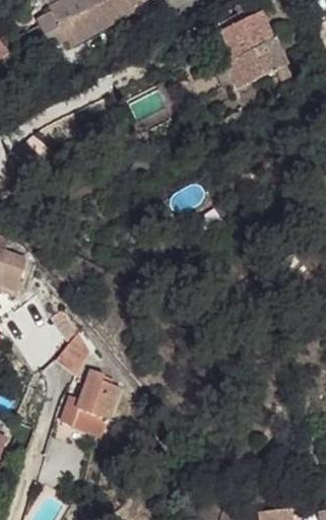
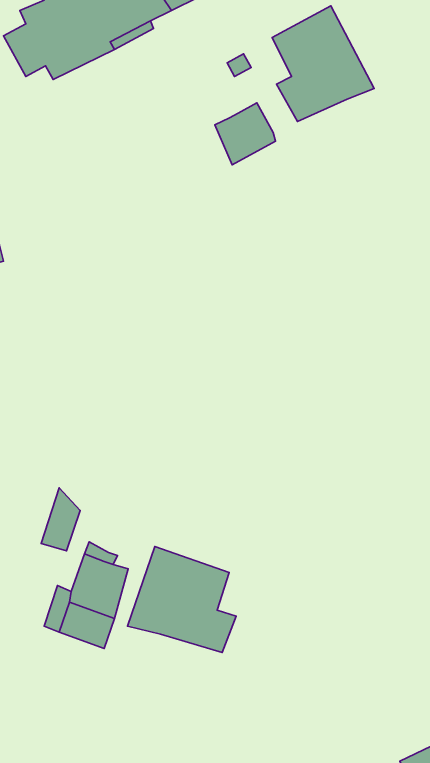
building: none -> [215,103,275,165]
building: none -> [127,546,236,653]

